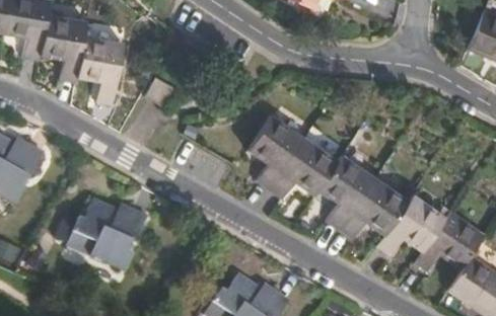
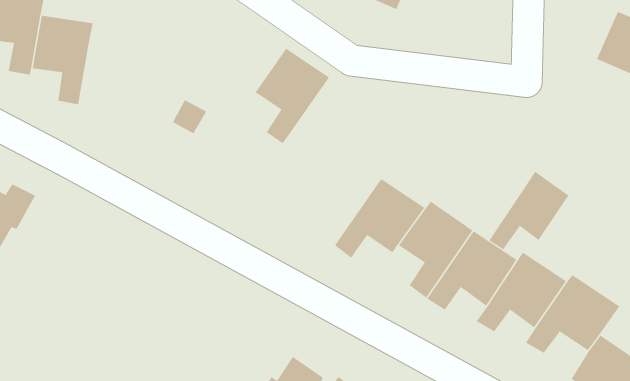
building: [77,35,125,103] -> none
building: [249,115,305,188] -> [255,48,330,144]
building: none -> [489,171,569,250]
building: [55,200,147,267] -> none

